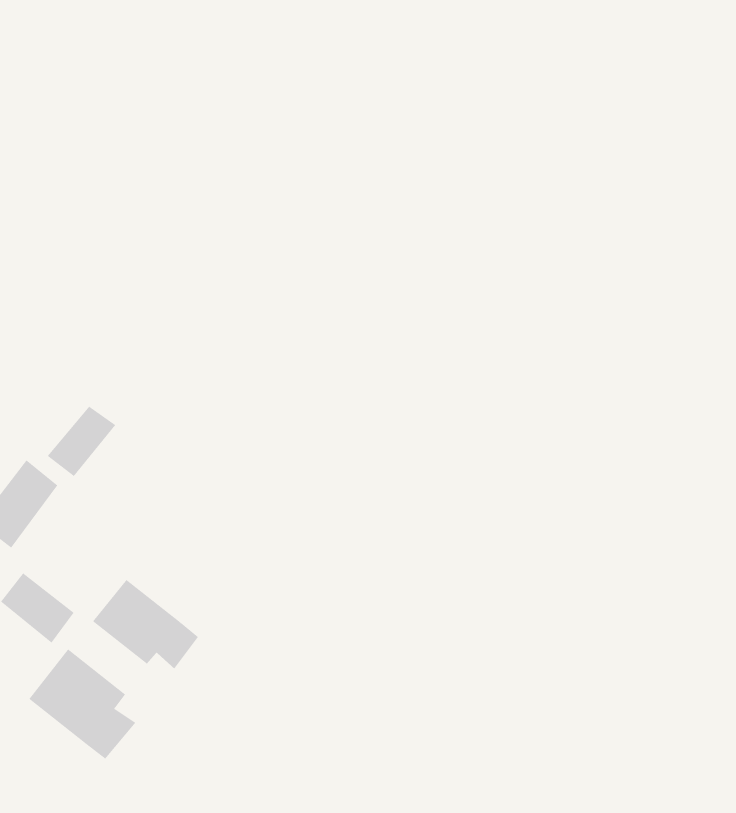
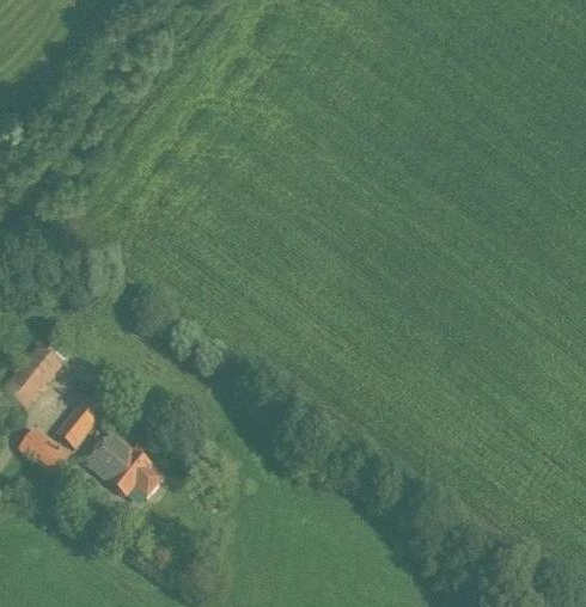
building: [47,406,116,477] -> [54,394,105,447]
building: [29,648,136,759] -> none

